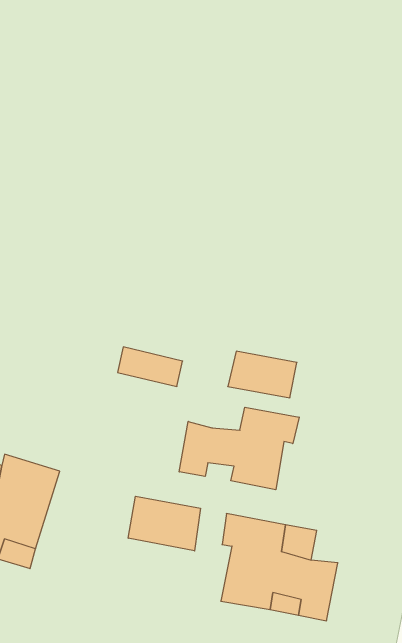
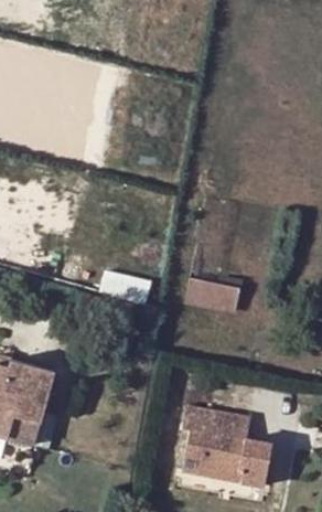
building: [179,407,299,490] -> none
building: [128,496,200,551] -> none

